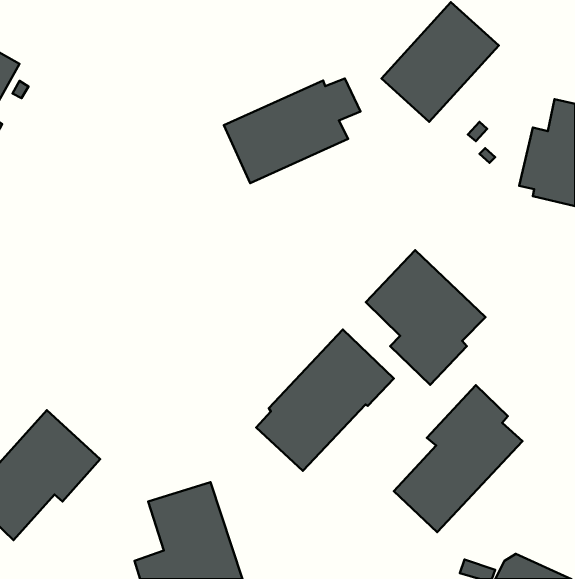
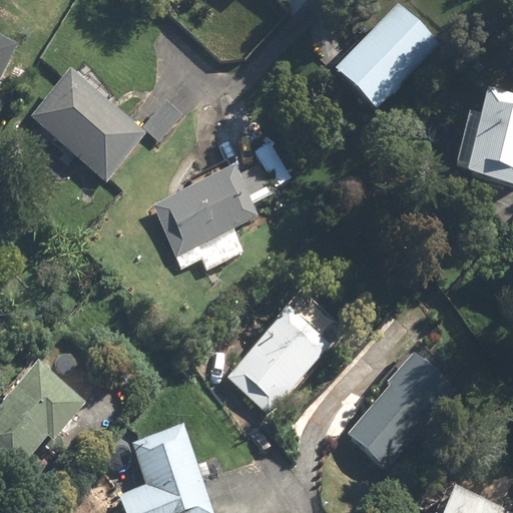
building: [224,78,361,183] -> [150,163,271,255]
building: none -> [31,69,145,179]
building: [366,250,485,385] -> none

